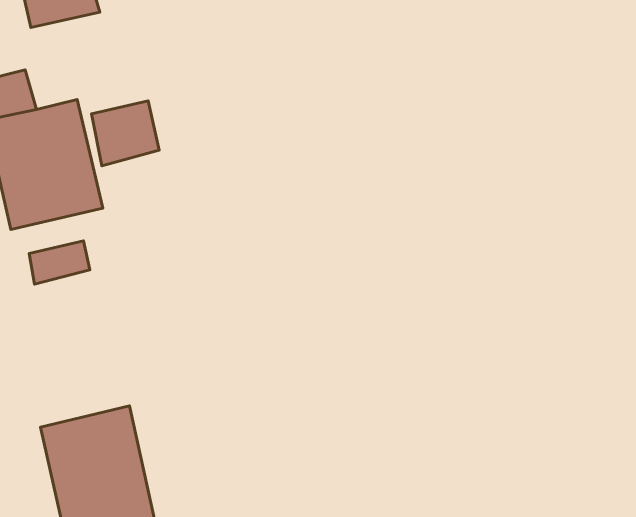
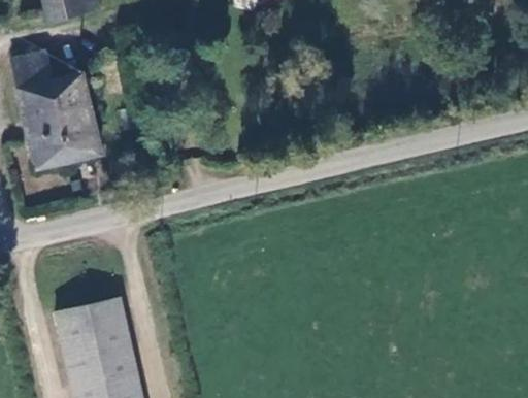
building: [92,101,159,166] -> none
building: [29,241,90,284] -> none

